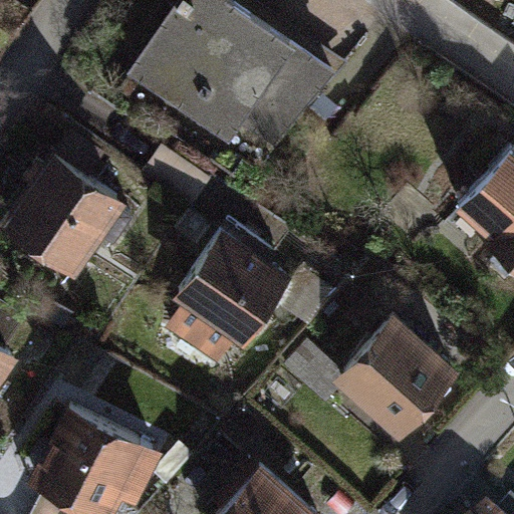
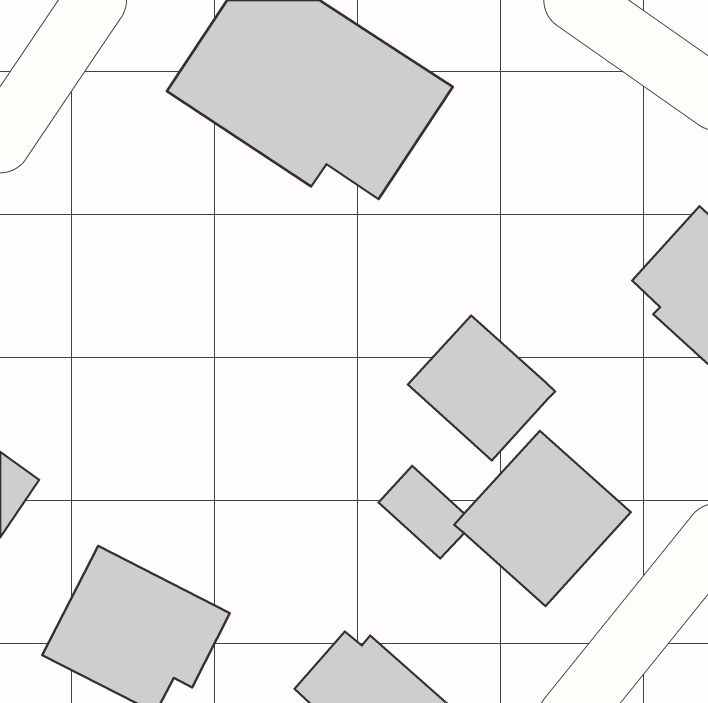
building: [14,149,143,276] -> none
building: [161,231,289,368] -> none
building: none -> [408,316,555,460]

